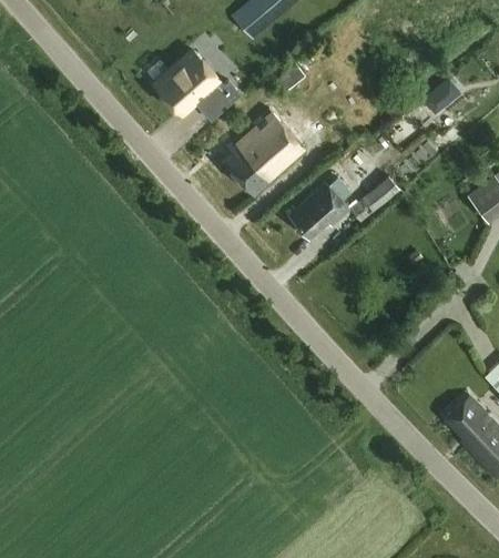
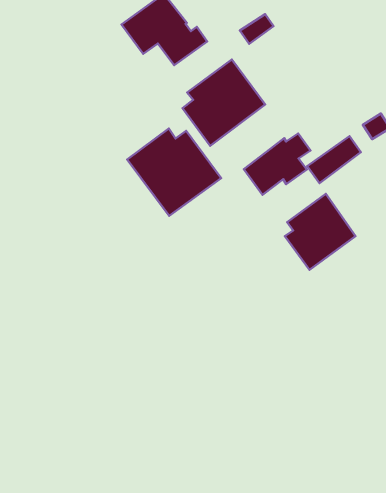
building: none -> [127,128,221,216]
building: none -> [285,194,356,270]

